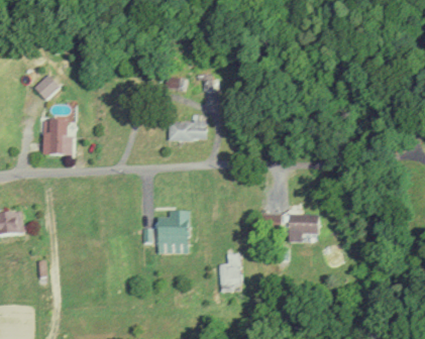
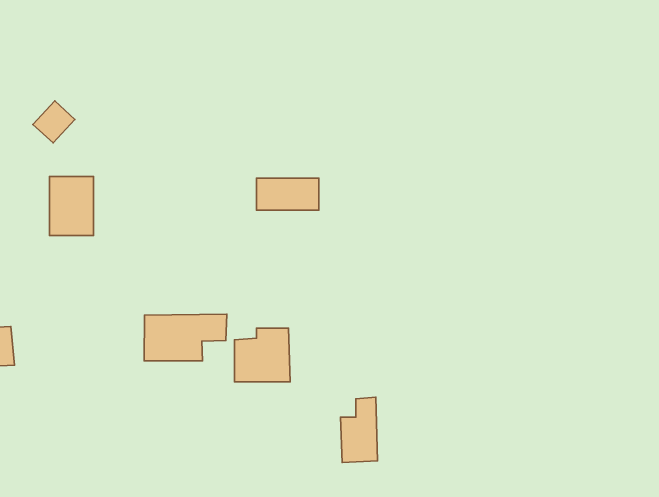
building: none -> [144,314,227,361]
building: [288,214,318,242] -> none

